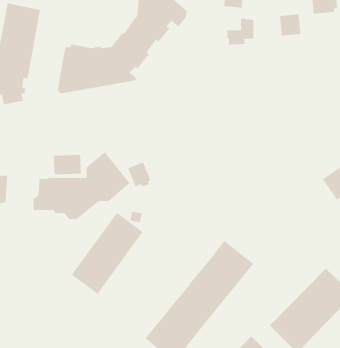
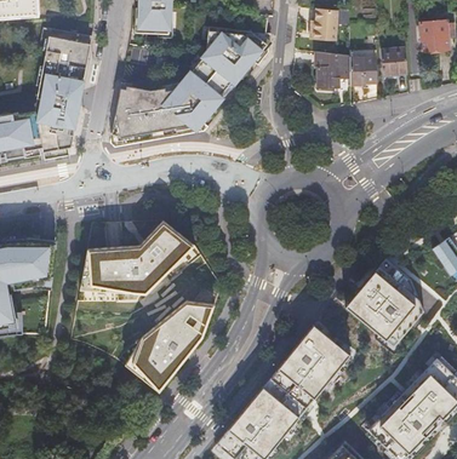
building: none -> [350,50,377,85]
building: [127,161,151,188] -> none
building: none -> [347,259,424,346]

